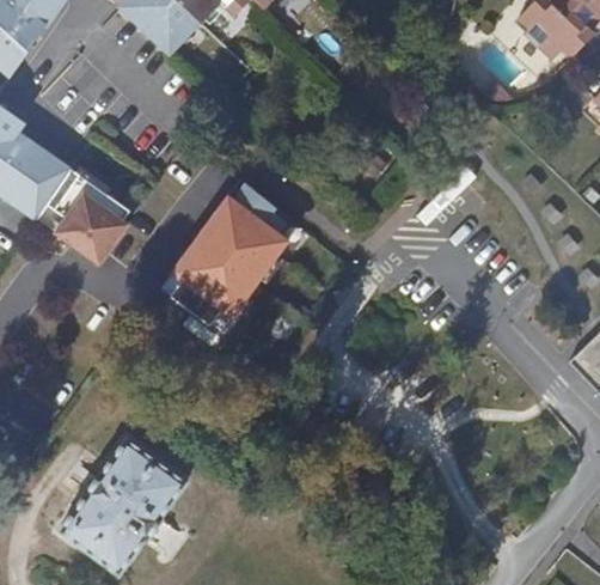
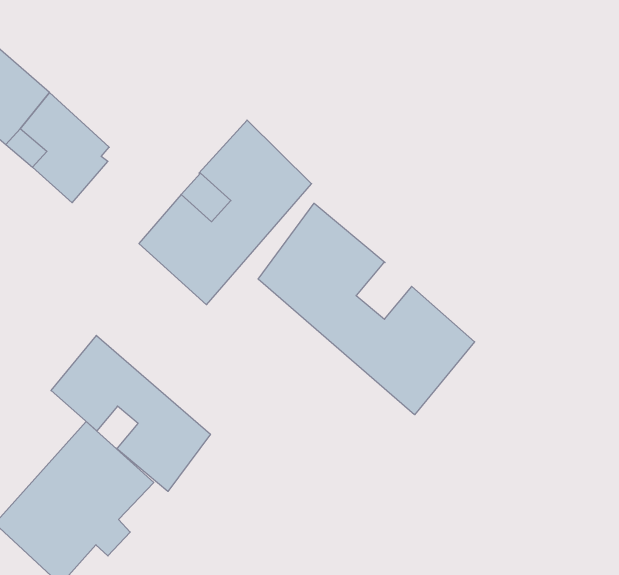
building: none -> [258,203,475,415]
building: none -> [51,335,210,491]

